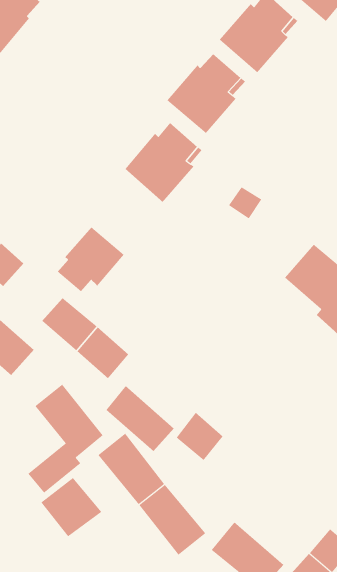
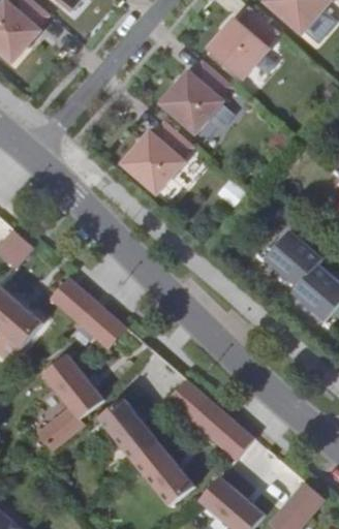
building: [57,227,124,292] -> none
building: [106,385,174,452] -> [192,400,253,459]
building: [41,477,102,537] -> none

